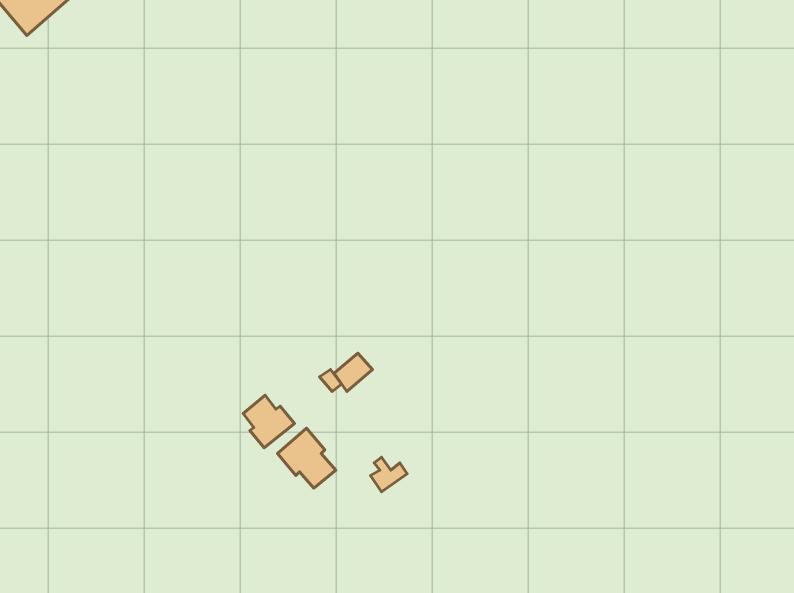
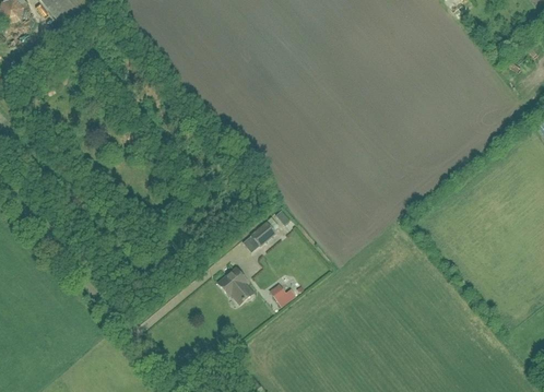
building: [243,395,295,448] -> none

